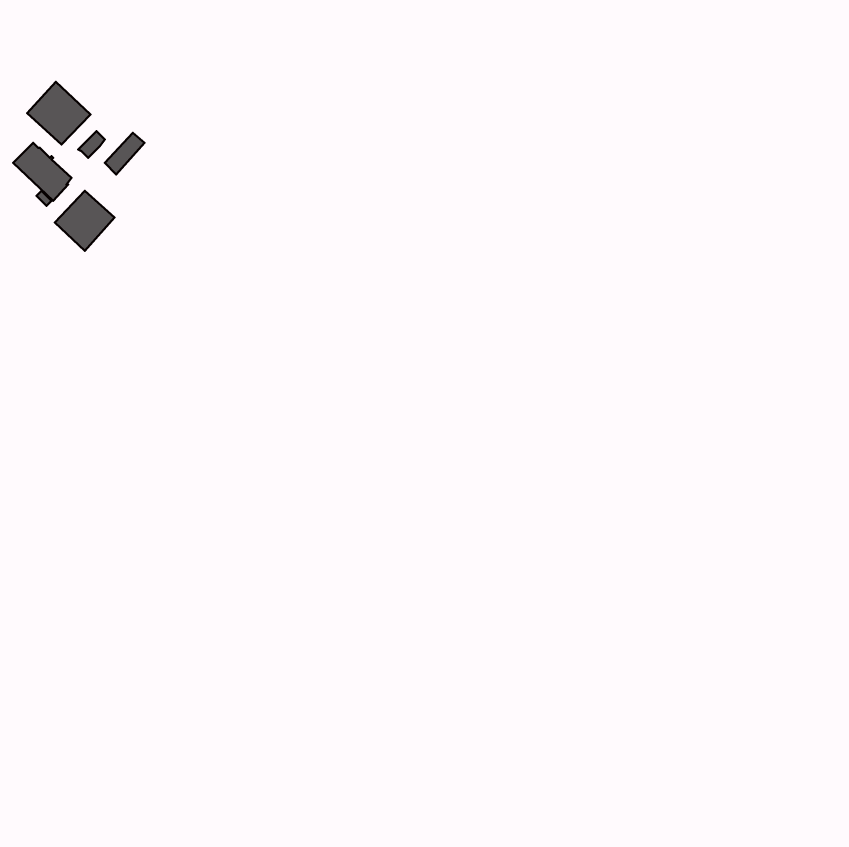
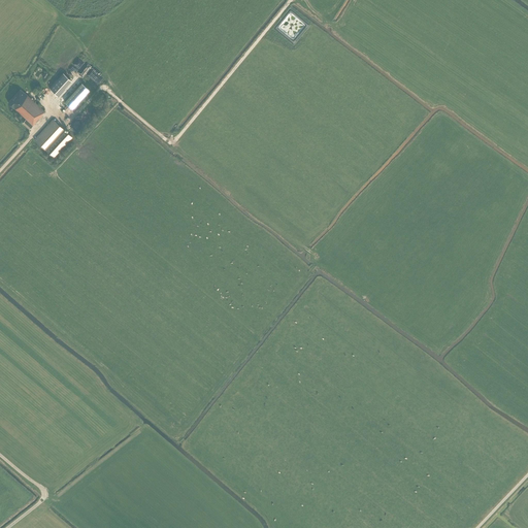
building: [27,82,90,144] -> none

